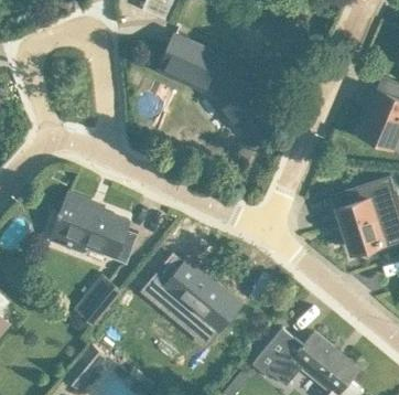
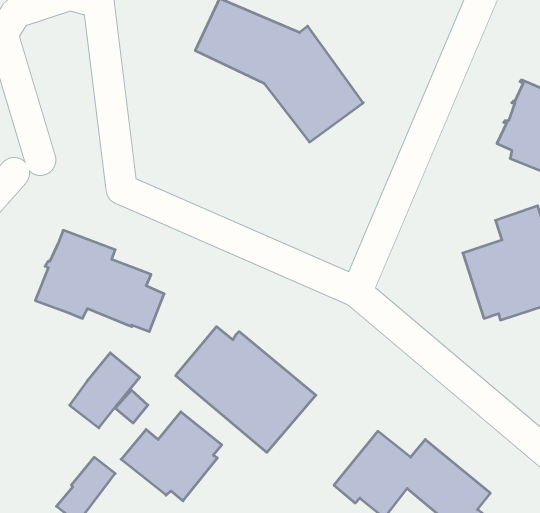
building: none -> [121,412,222,501]

